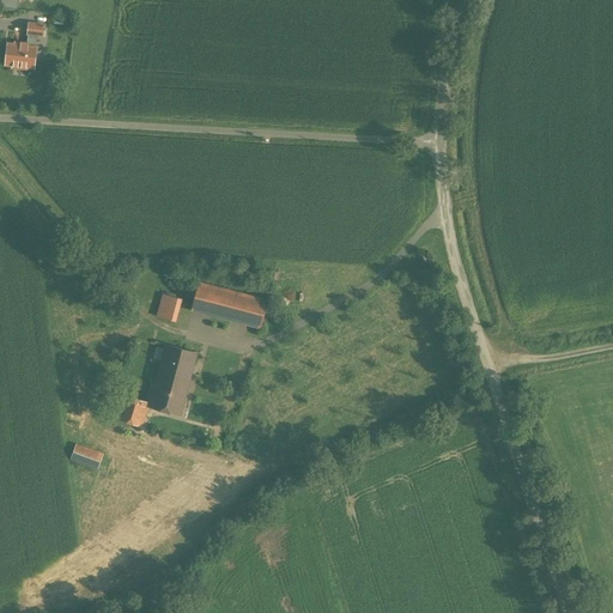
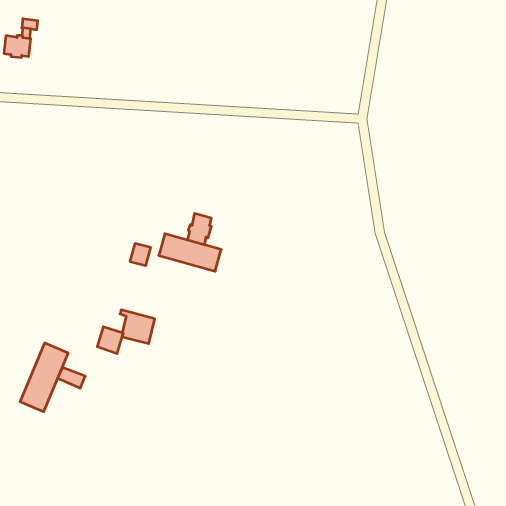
building: none -> [187,213,211,245]
building: [147,341,198,386] -> none
building: none -> [20,343,68,412]

